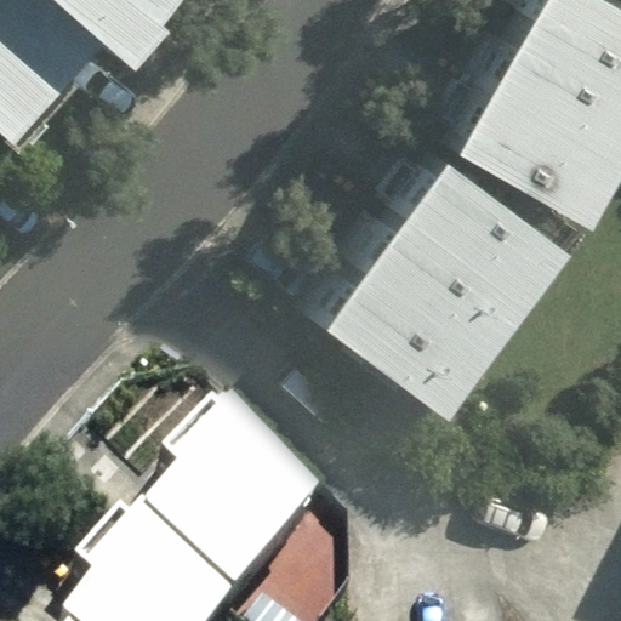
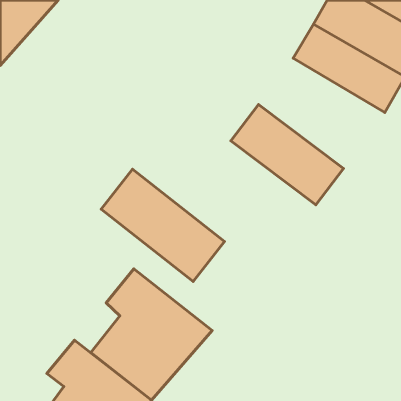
building: [406,118,577,272] -> none
building: [323,230,492,383] -> none
building: none -> [101,169,224,281]

